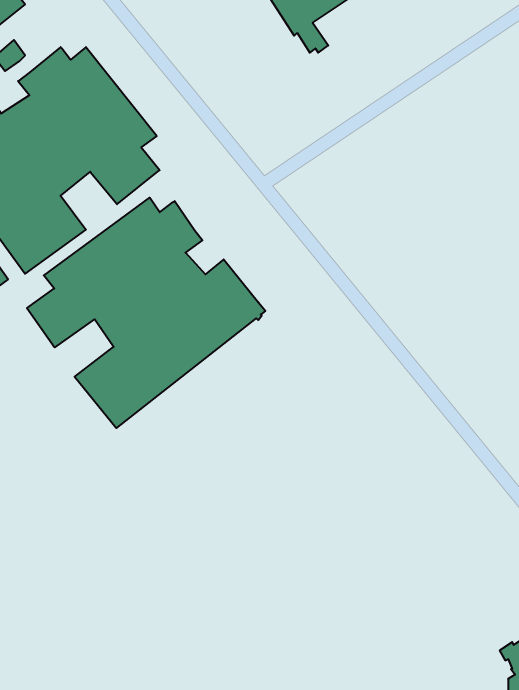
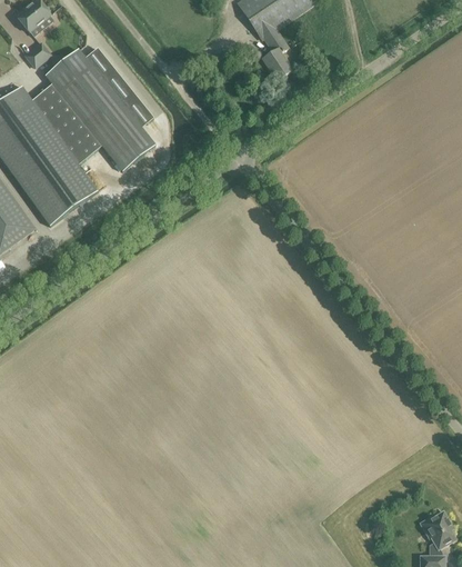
building: none -> [261,48,291,80]
building: [27,198,265,428] -> none

